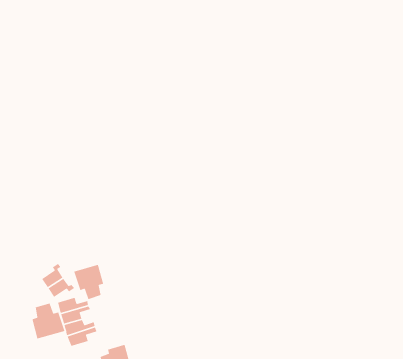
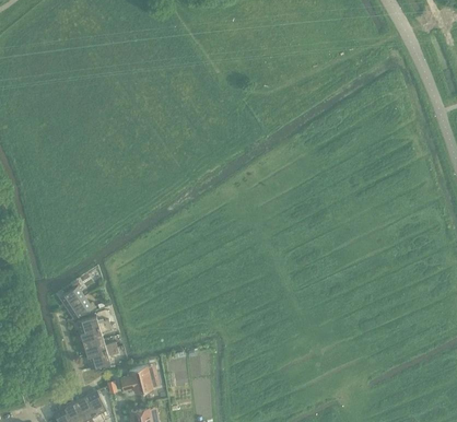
building: [73,264,104,300] -> none
building: [31,302,65,339] -> none

